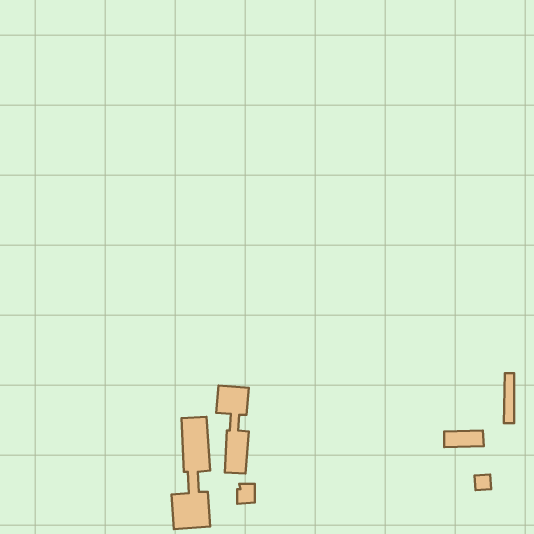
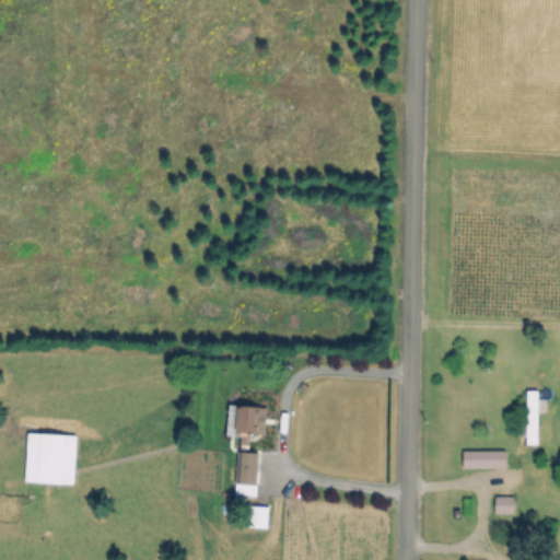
building: none -> [26,433,77,483]
building: [171,417,210,529] -> none

